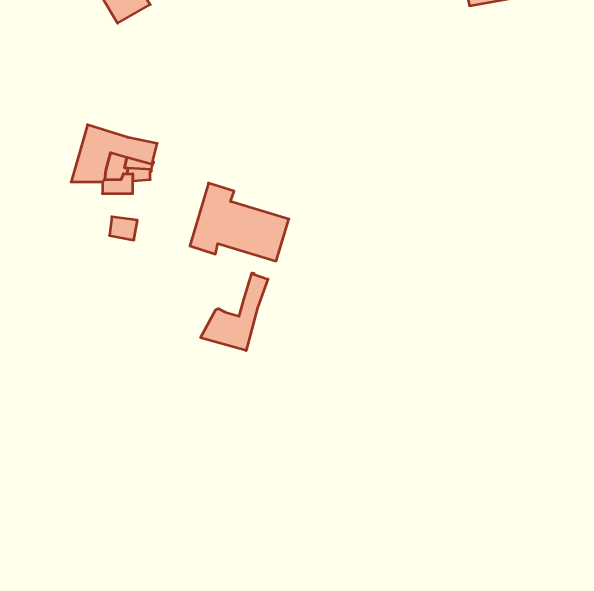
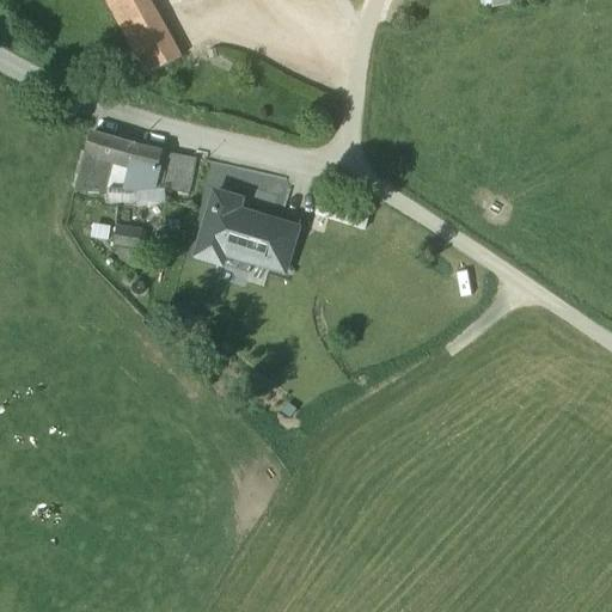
building: none -> [122,5,182,72]
building: none -> [160,148,196,189]
building: [201,273,268,351] -> none

